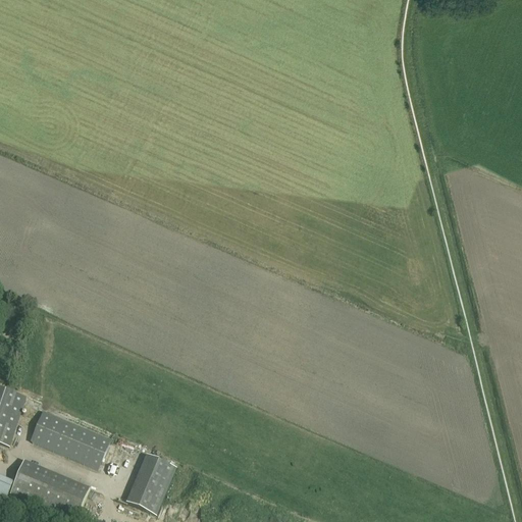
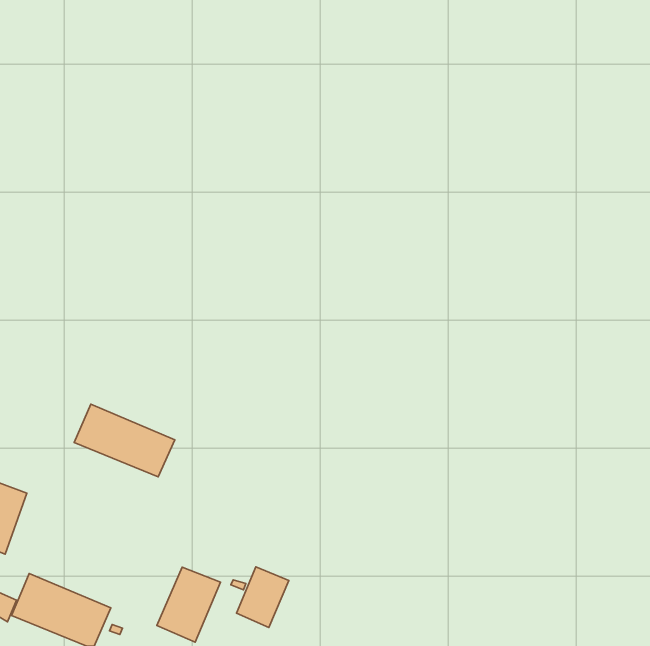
building: [30,410,110,468] -> [74,404,175,477]
building: none -> [237,567,289,628]

